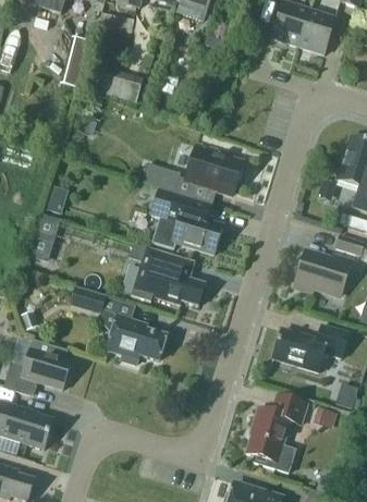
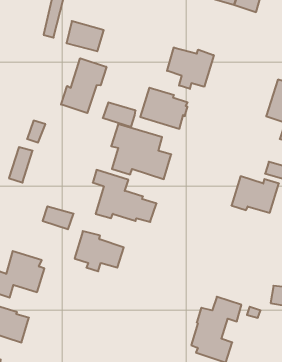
building: none -> [167,47,214,89]
building: none -> [61,58,106,113]
building: [272,325,348,371] -> none

